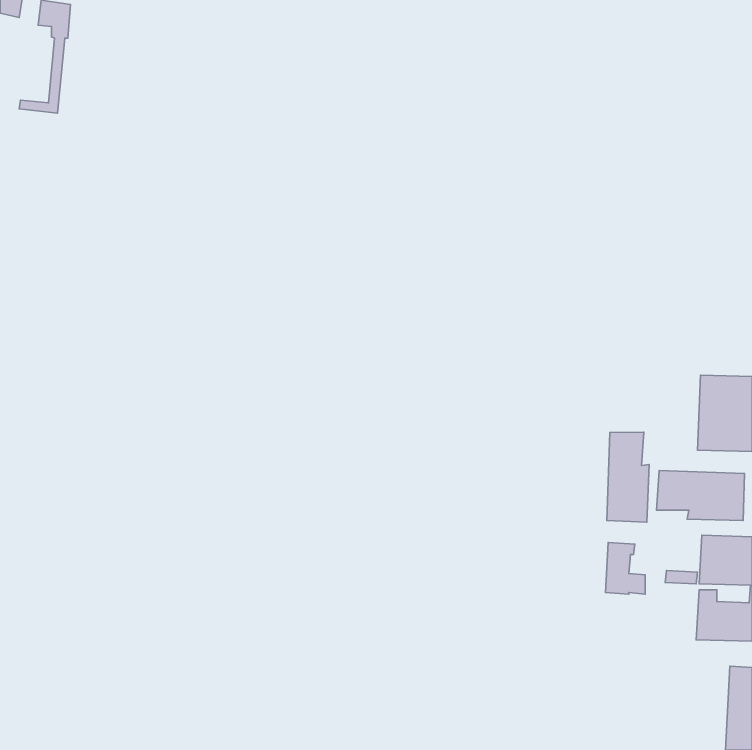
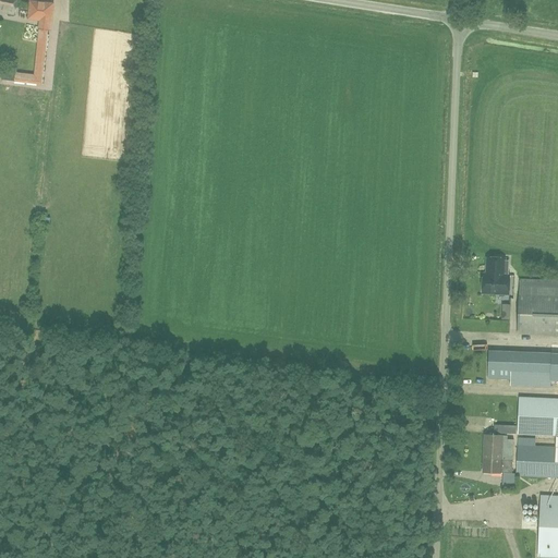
building: none -> [482,256,509,293]
building: [607,432,649,522] -> none
building: [605,543,645,594] -> [483,434,512,472]

